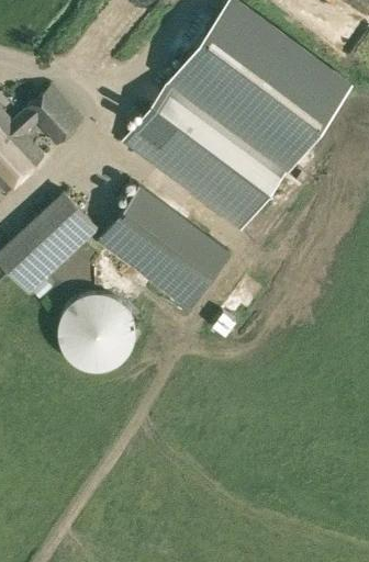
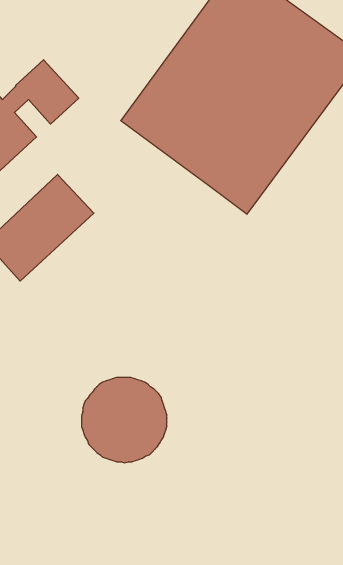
building: [99,188,230,310] -> none
building: [58,292,138,372] -> [82,377,167,463]

